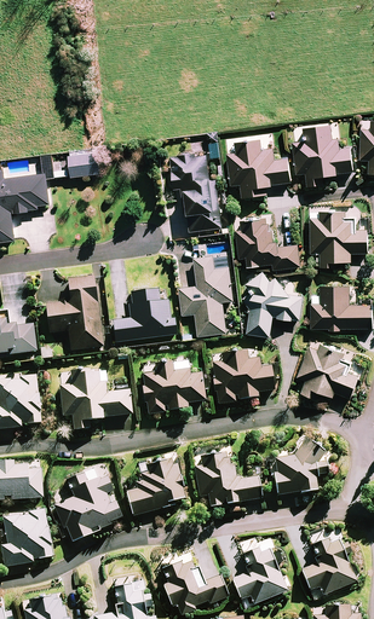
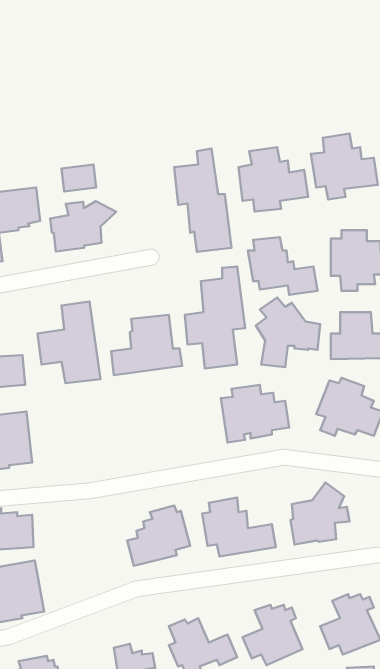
building: none -> [50,201,116,251]
building: [142,361,205,413] -> none
building: [61,370,131,428] -> none
building: [53,473,121,540] -> none

